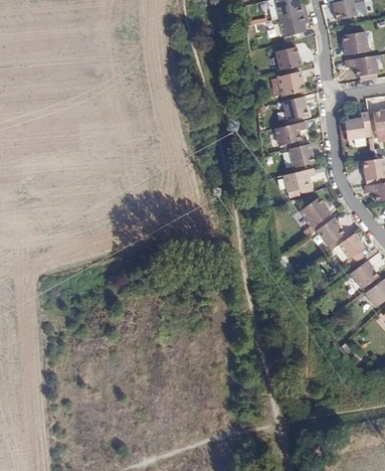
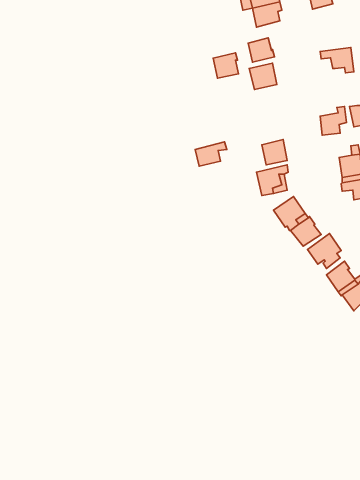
building: [342,30,367,54] -> none
building: [283,96,308,120] -> [213,53,239,78]
building: [276,121,307,144] -> [195,142,227,166]

